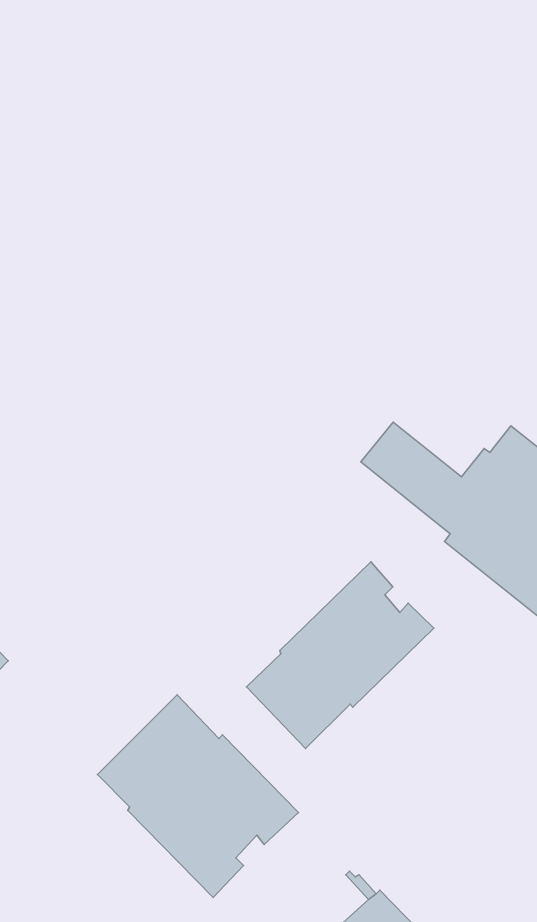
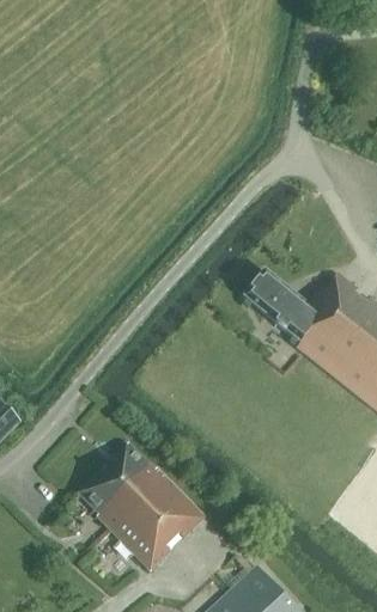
building: [247,562,434,749] -> none

